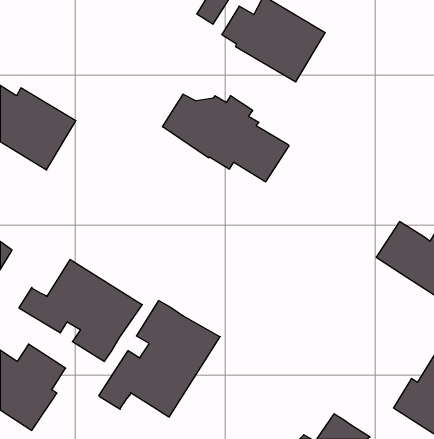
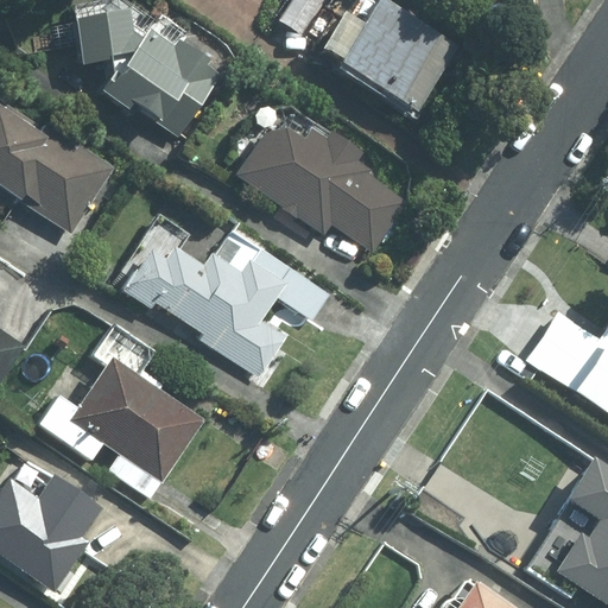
building: none -> [68,7,218,137]
building: none -> [121,230,331,378]
building: [99,301,220,417] -> none

